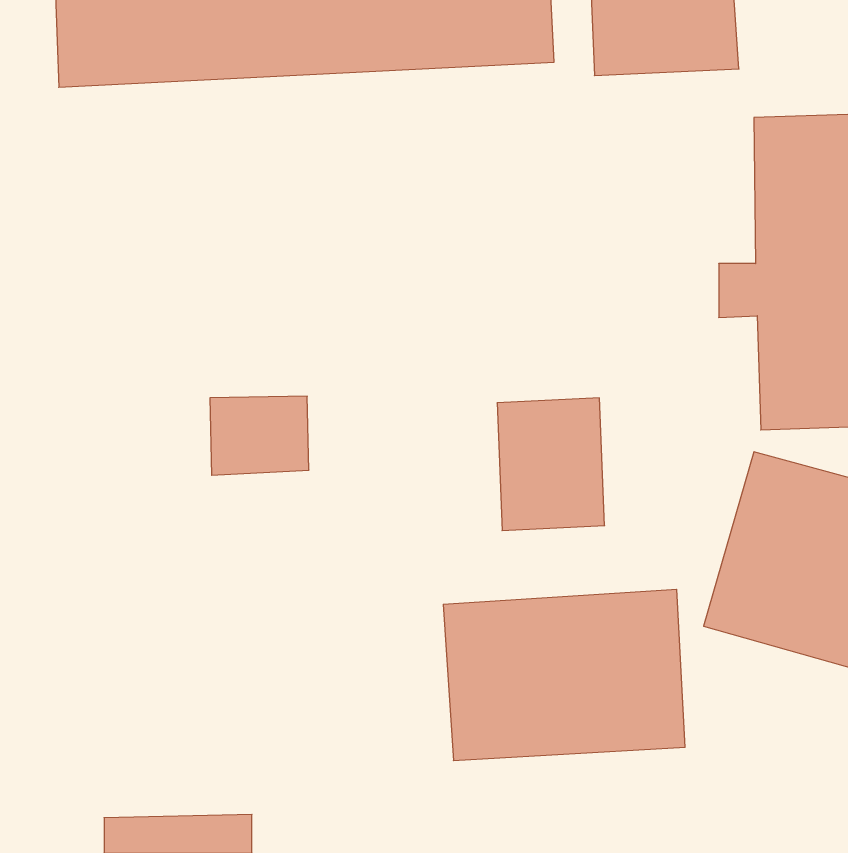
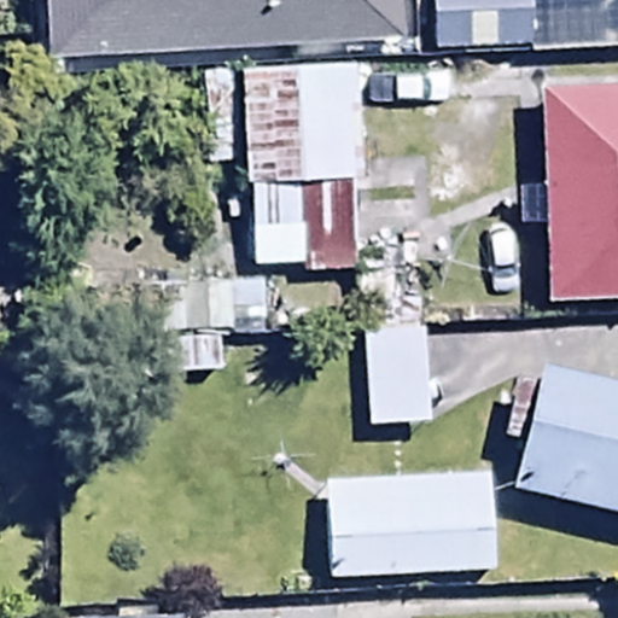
building: none -> [245,66,363,272]

